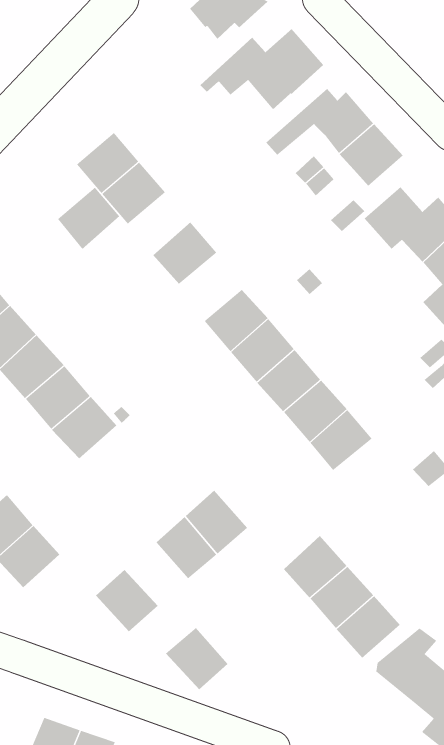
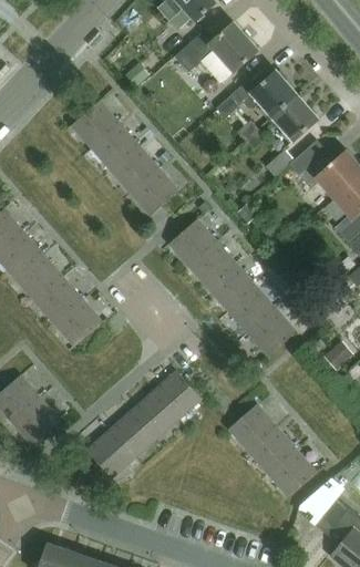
building: [57,187,120,250] -> [112,146,160,194]
building: [165,627,228,690] -> [110,411,157,458]

